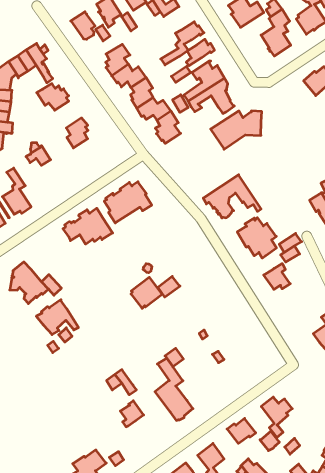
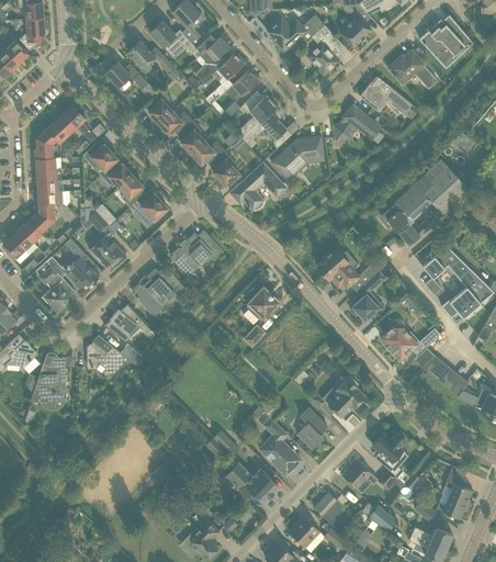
building: none -> [195,36,229,81]
building: none -> [334,104,381,140]
building: none -> [99,158,133,187]
building: none -> [129,193,167,220]
building: none -> [89,233,122,267]
building: [203,175,261,218] -> [229,161,292,210]
building: [131,277,162,308] -> [246,286,279,321]
building: none -> [381,318,417,359]
building: [36,300,78,335] -> [104,303,150,341]
building: none -> [328,378,364,416]
building: none -> [296,407,327,448]
building: none -> [236,469,278,503]

